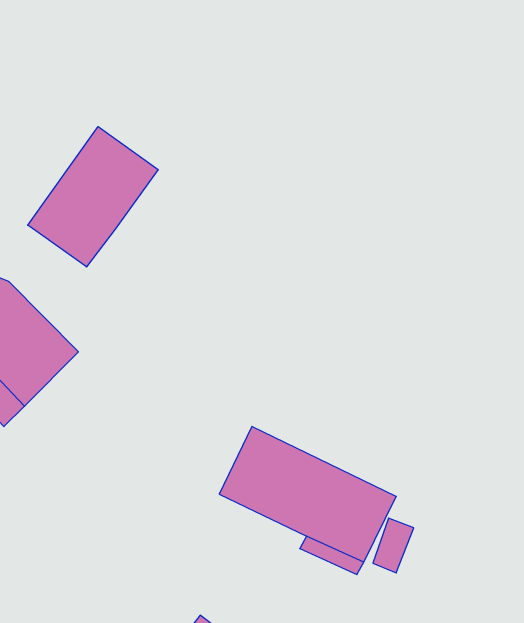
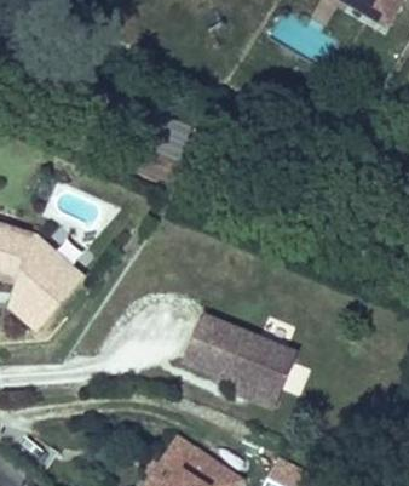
building: [28,127,158,267] -> none

